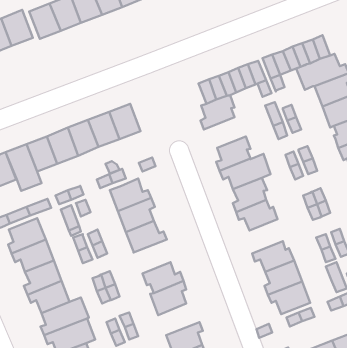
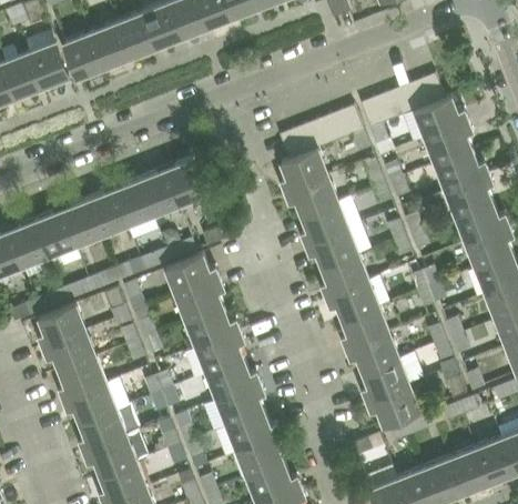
building: none -> [285,178,338,216]
building: none -> [342,306,385,350]
building: none -> [183,332,243,380]
building: none -> [227,413,280,453]

